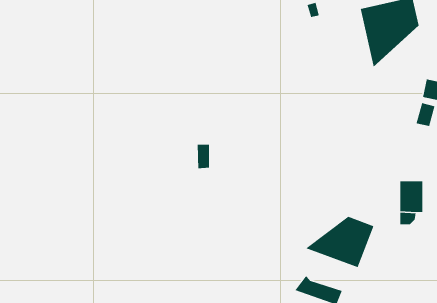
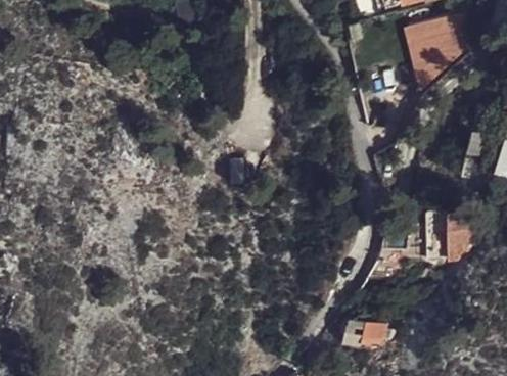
building: [305,216,374,268] -> none

